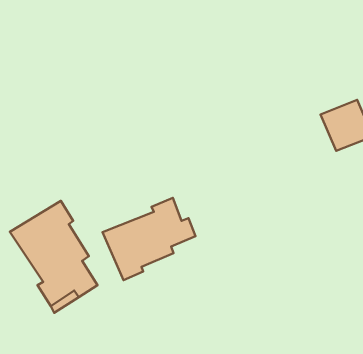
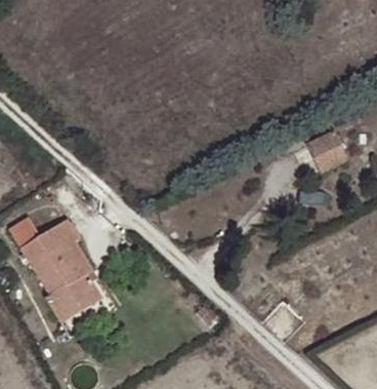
building: [103,198,196,280] -> none

